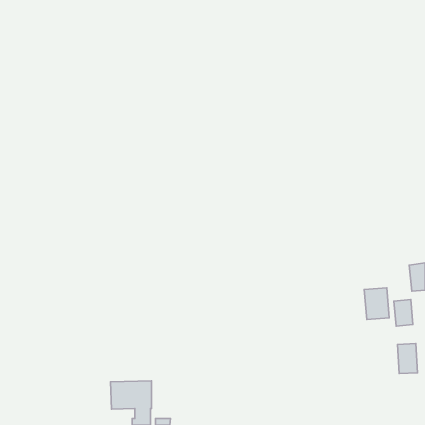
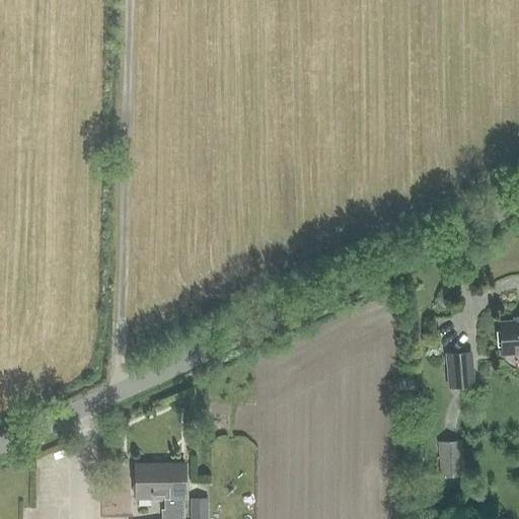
building: [394,300,413,326] -> none
building: [397,344,417,374] -> [438,441,462,477]

